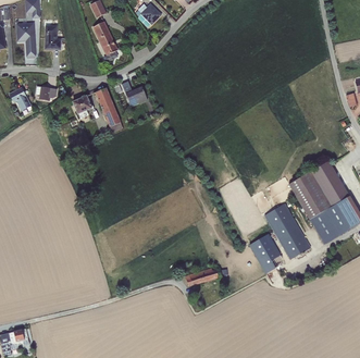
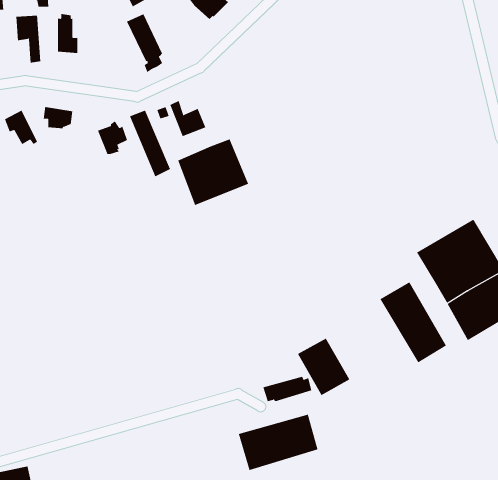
building: none -> [178,138,249,206]
building: [249,234,285,273] -> [297,338,350,396]
building: none -> [238,414,318,471]

